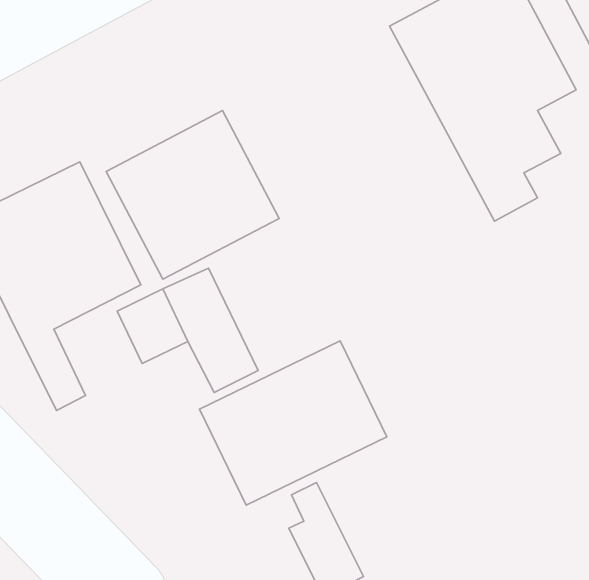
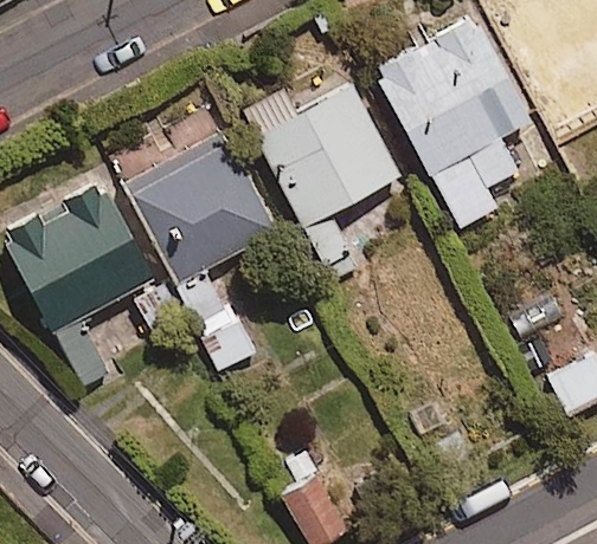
building: none -> [243,63,402,287]
building: [199,341,387,505] -> none

